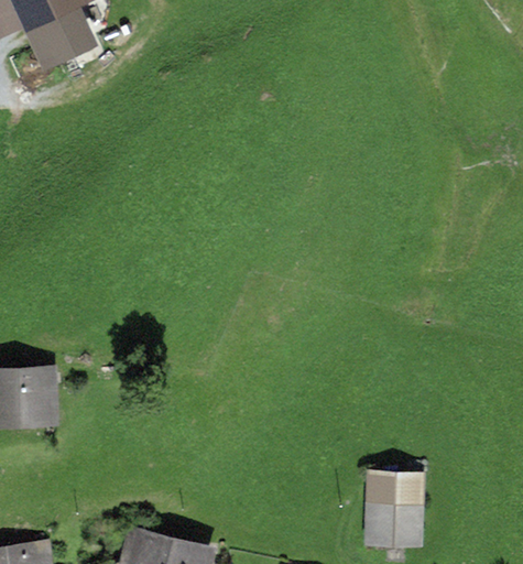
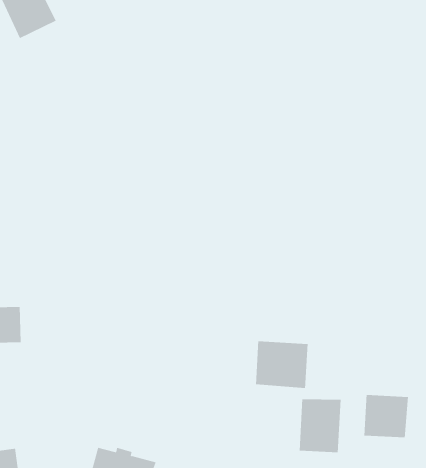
building: none -> [255,341,308,389]
building: none -> [364,394,408,438]

